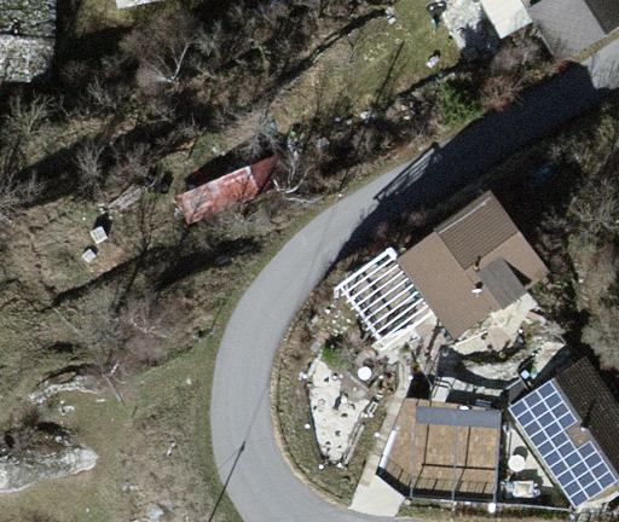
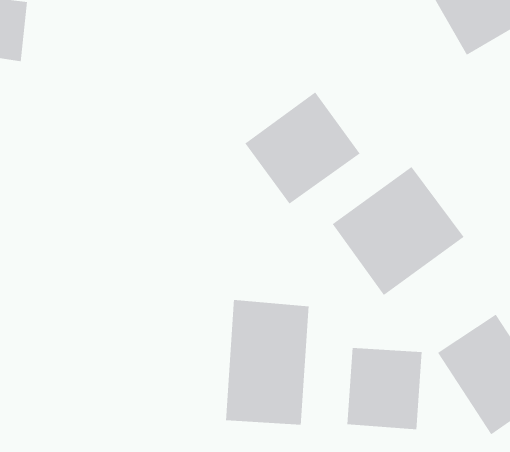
building: none -> [244,91,361,205]
building: none -> [225,299,309,425]

